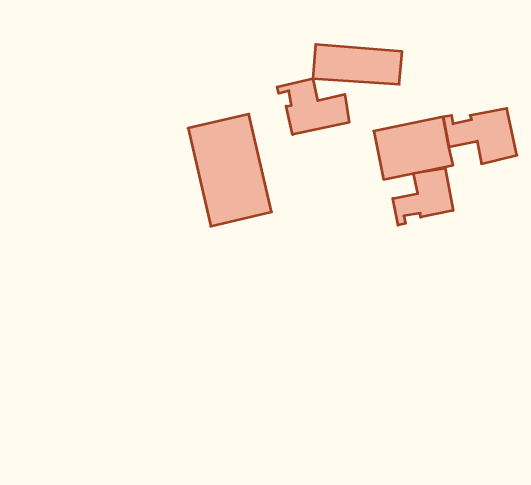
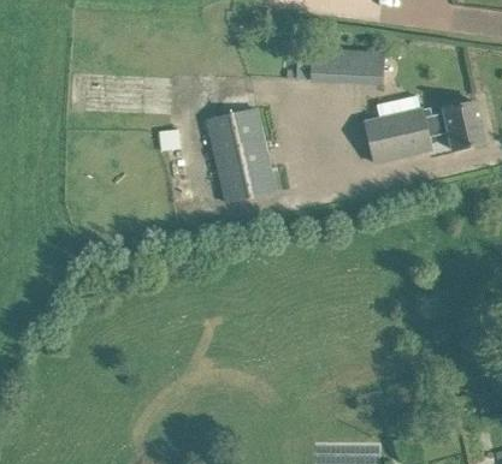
building: [277,79,349,135] -> none
building: [393,168,453,225] -> none

